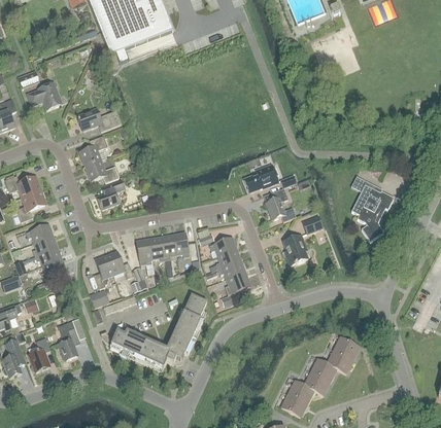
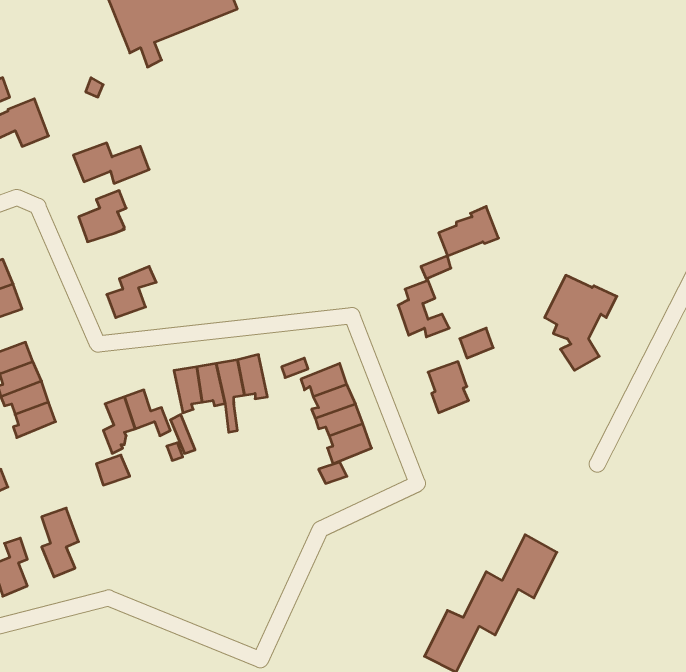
building: [84,159,118,181] -> none
building: [243,163,278,191] -> [439,206,499,256]
building: [109,293,206,367] -> none

